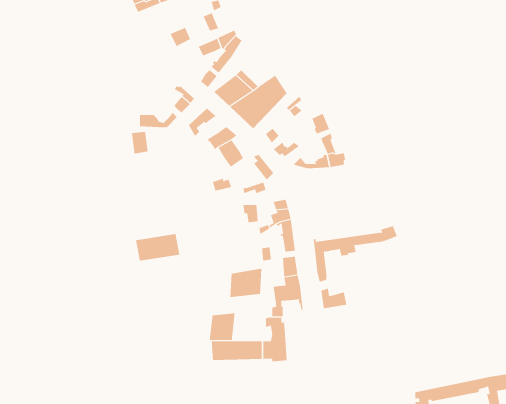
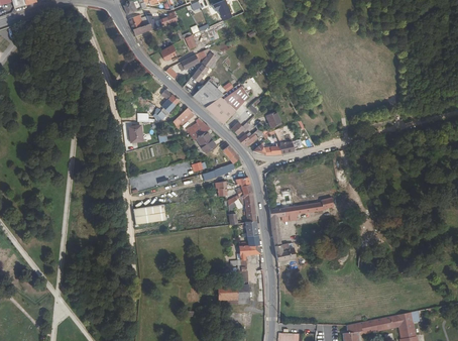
building: [230,268,262,298] -> none
building: [209,313,235,341] -> none

